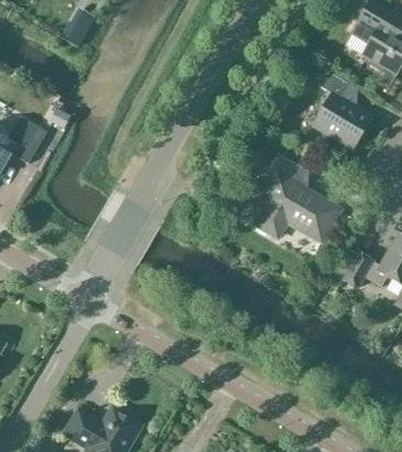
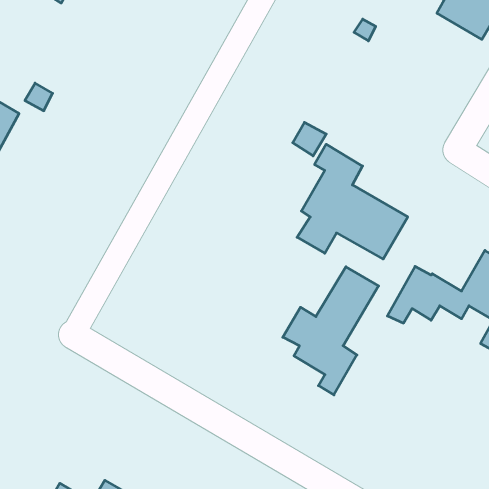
building: [313,69,370,146] -> none
building: none -> [283,267,379,395]

